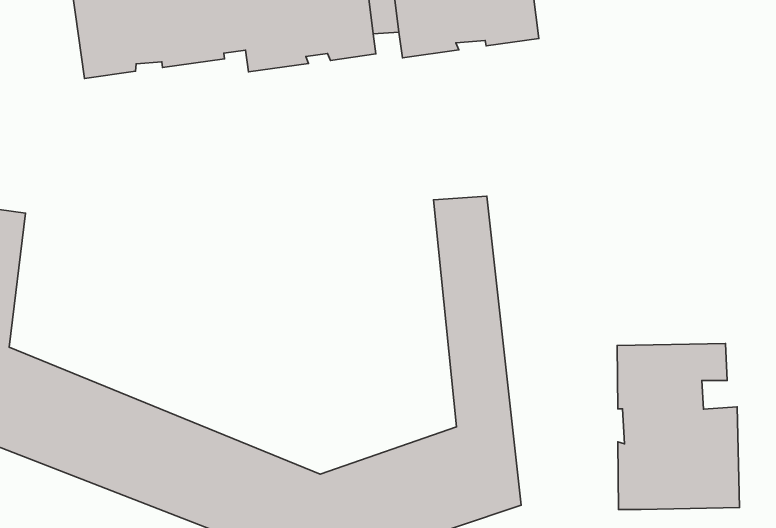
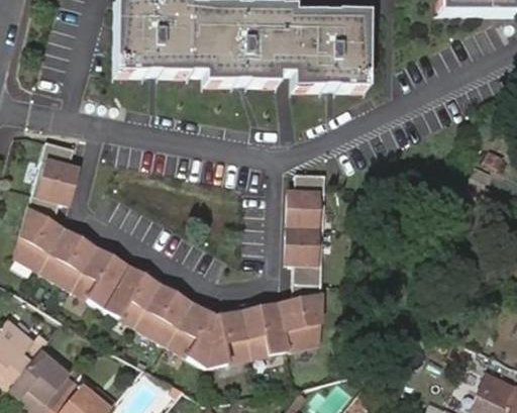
building: [617,343,739,510] -> none

